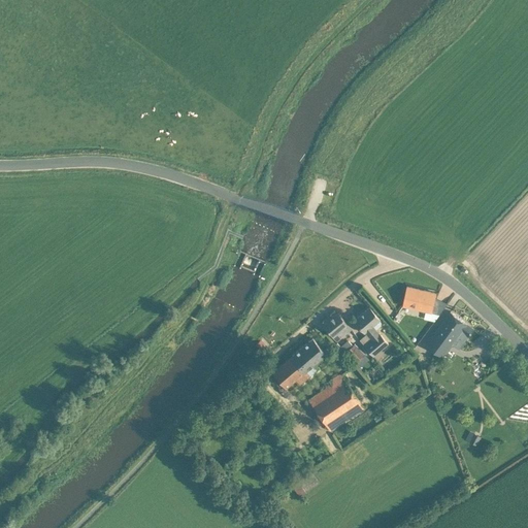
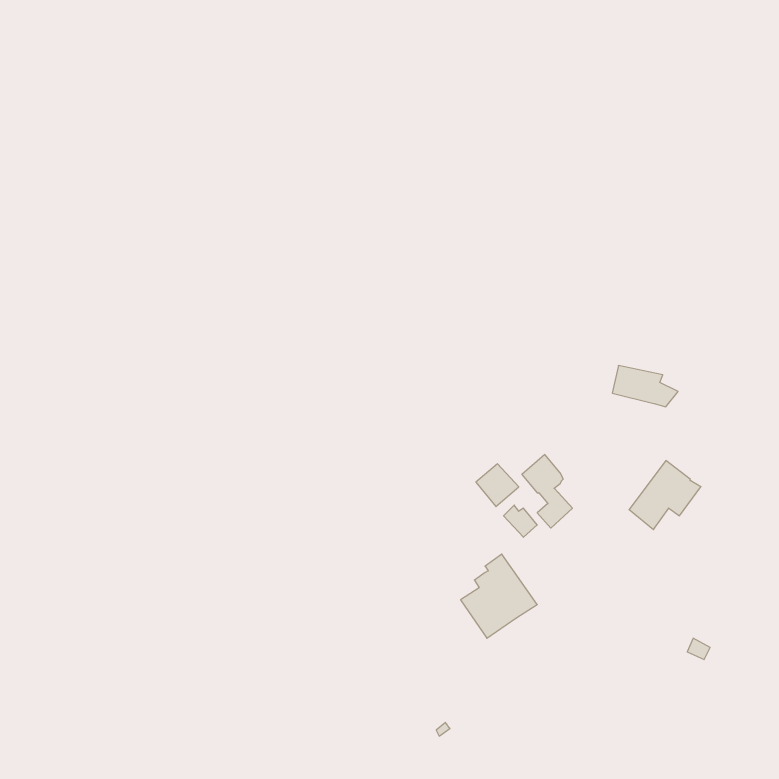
building: [401,288,446,316] -> [612,366,678,407]
building: [269,339,324,390] -> none

